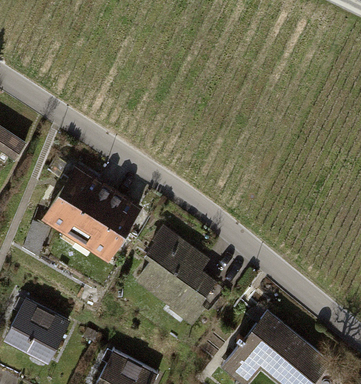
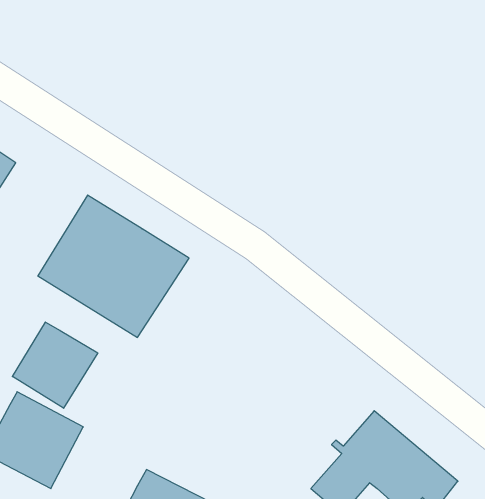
building: [136,227,218,319] -> none
building: none -> [12,322,98,408]

